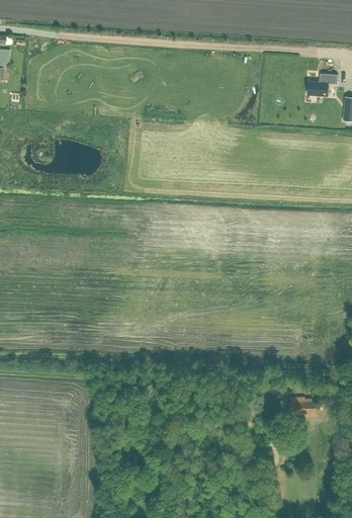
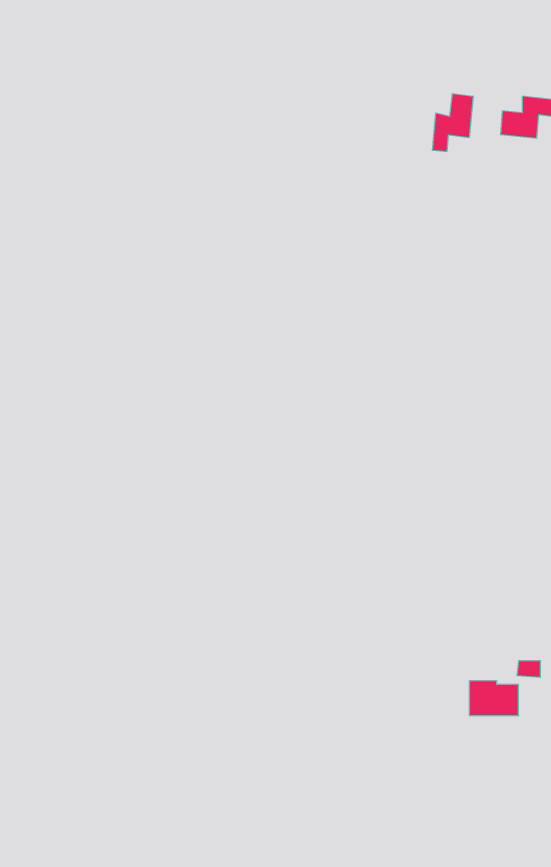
building: none -> [432,93,473,152]

